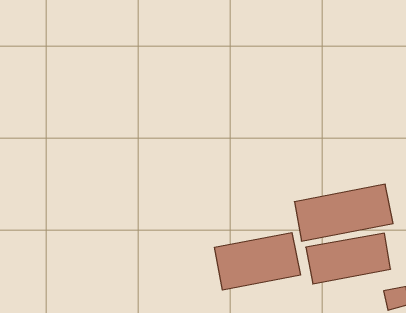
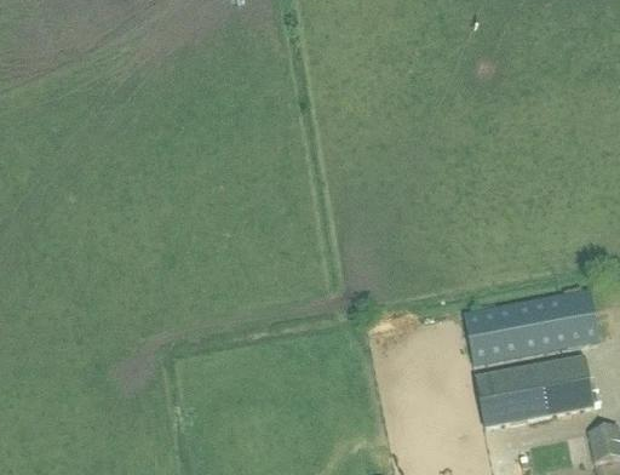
building: [215,233,300,290] -> none

